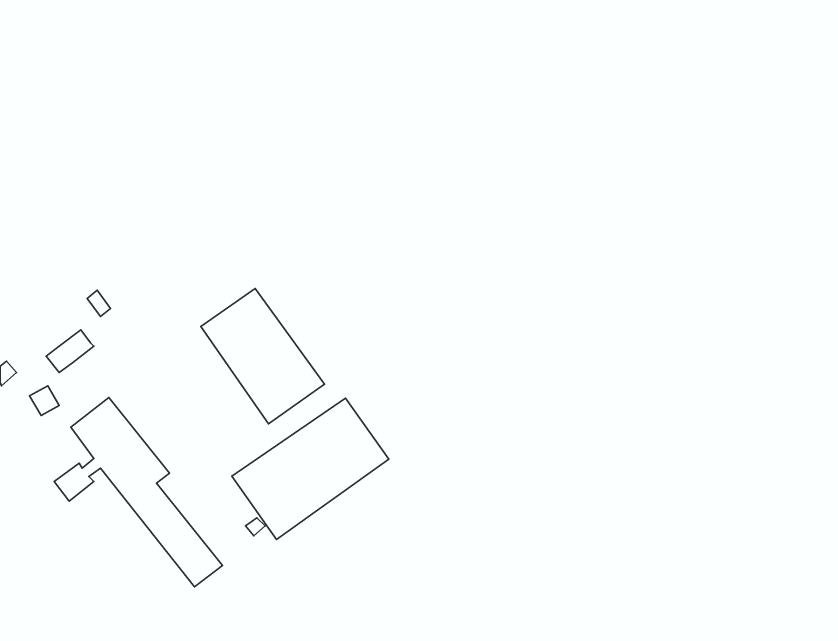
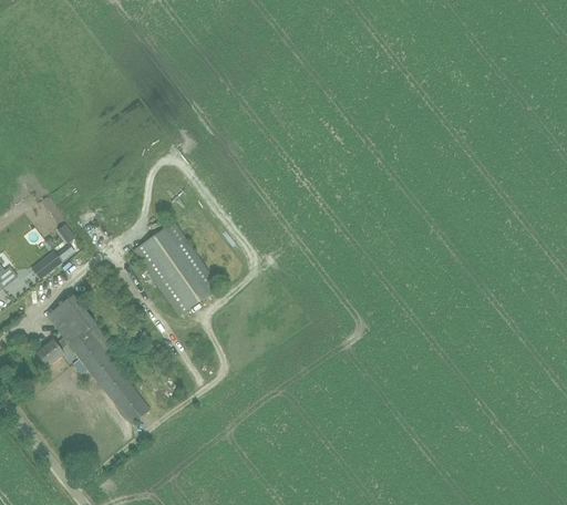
building: [232,398,389,540] -> none

